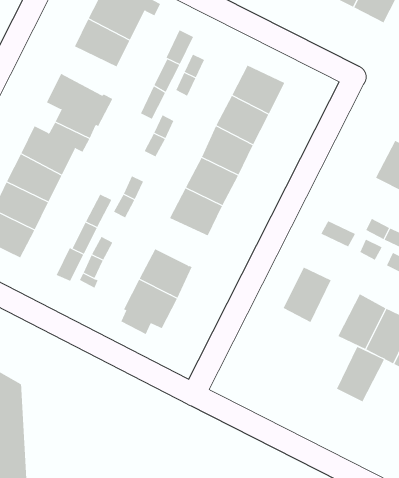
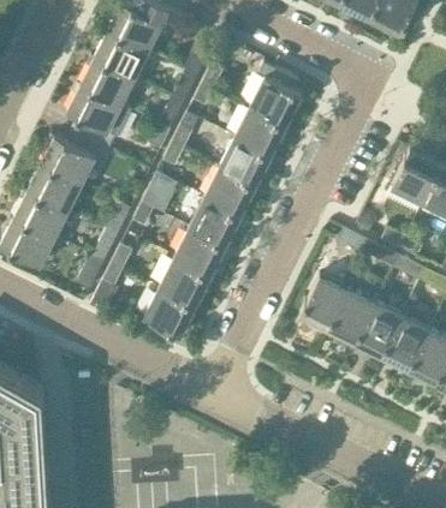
building: none -> [81,59,136,107]
building: none -> [173,228,226,276]
building: [336,346,385,402] -> [327,289,375,345]

